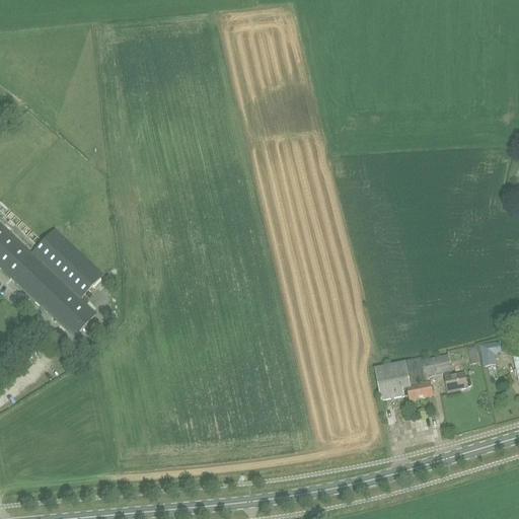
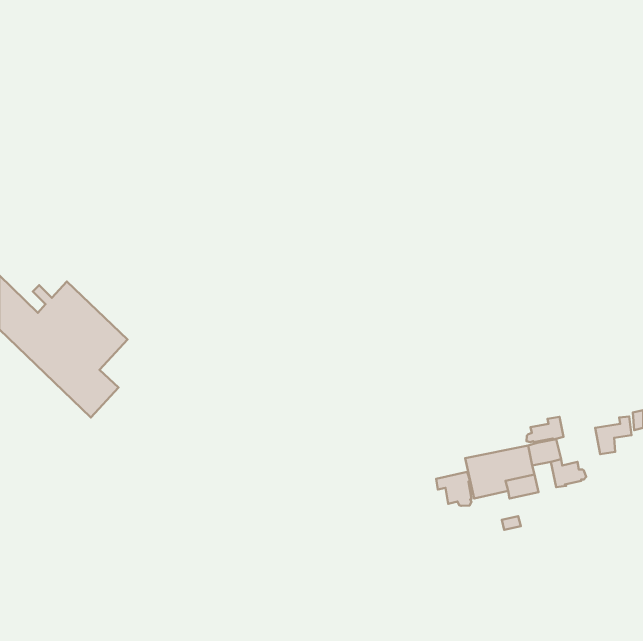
building: none -> [527,417,564,442]
building: none -> [436,472,472,506]

